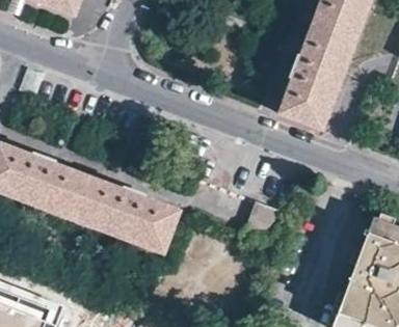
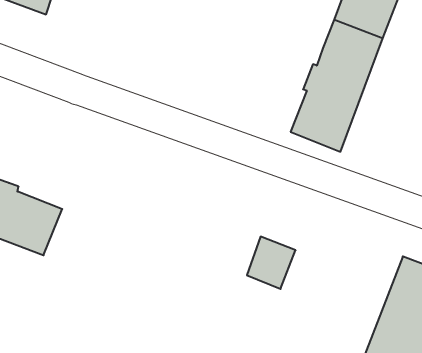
building: [74,176,176,249] -> none

